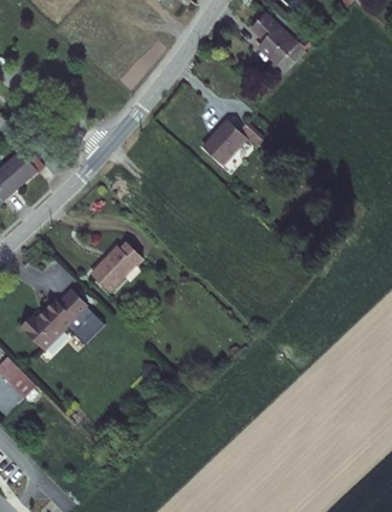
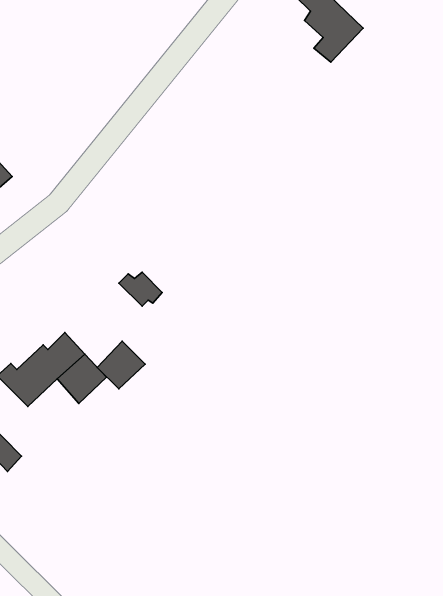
building: [198,124,259,168] -> none
building: [94,250,131,287] -> [97,341,145,389]

